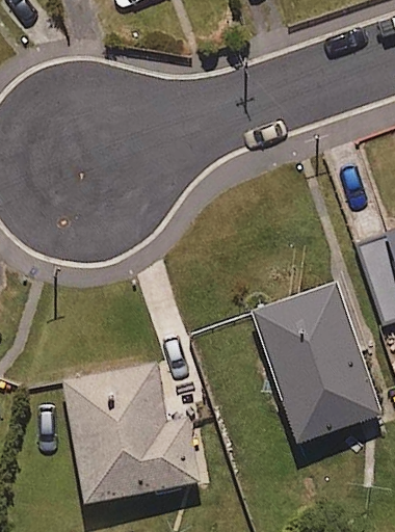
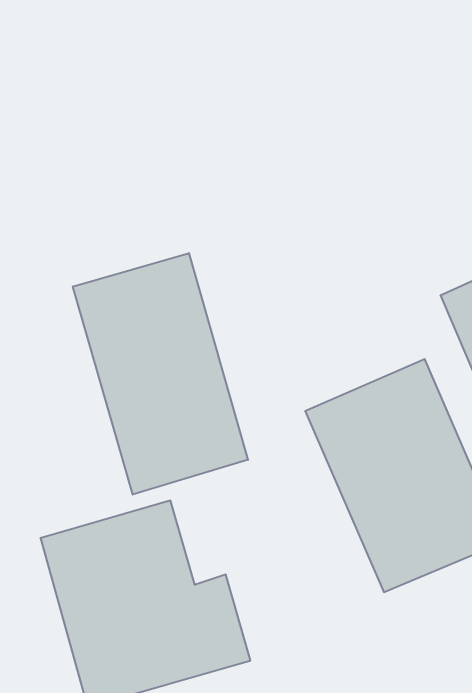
building: none -> [73,253,248,495]

